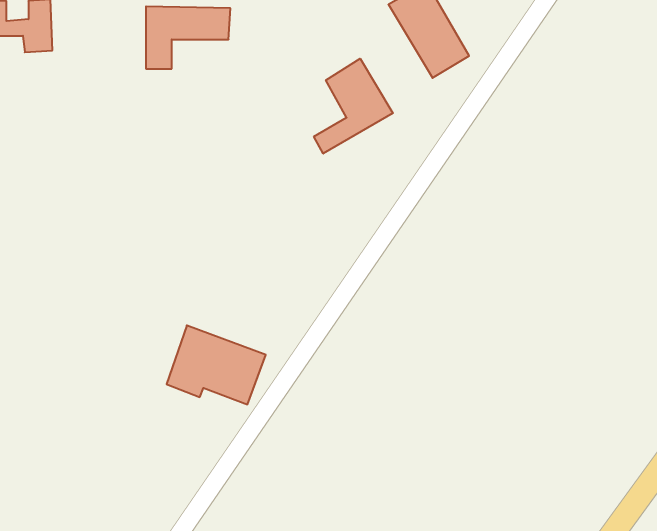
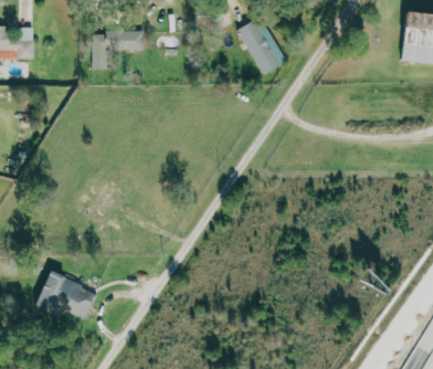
building: [314,59,393,154] -> none
building: [167,325,266,404] -> [36,272,96,319]

